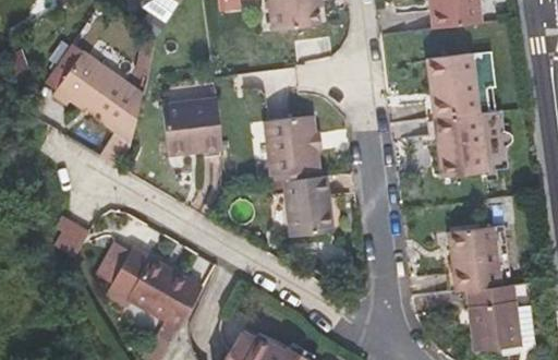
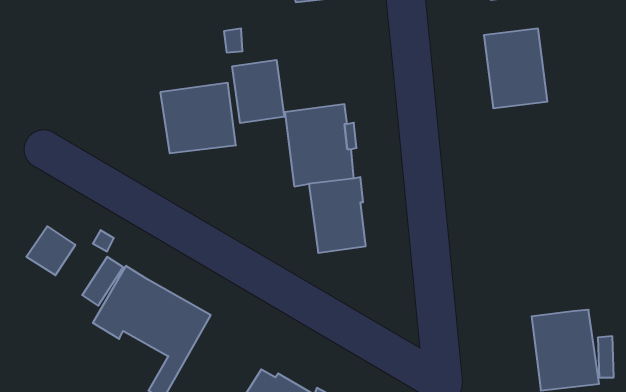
building: [53,50,143,143] -> none
building: none -> [232,60,284,123]
building: [435,109,511,177] -> none
building: [450,226,501,290] -> none

